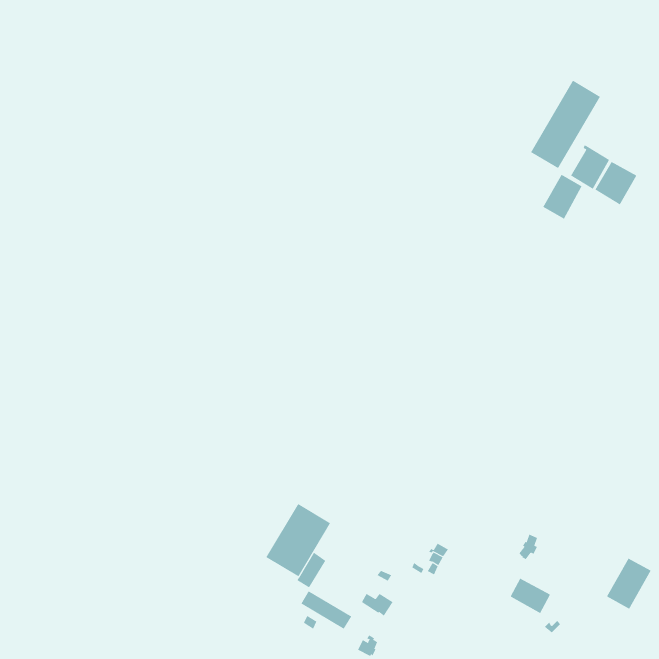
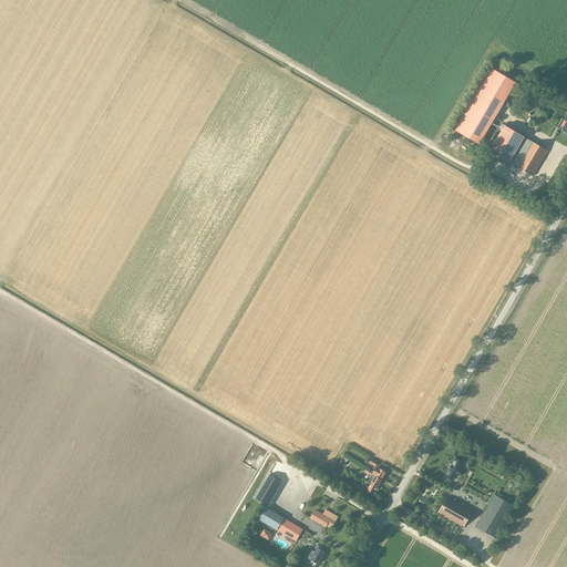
building: [543,174,583,220] -> none
building: [266,503,331,577] -> none
building: [606,558,651,609] -> [475,494,514,538]

